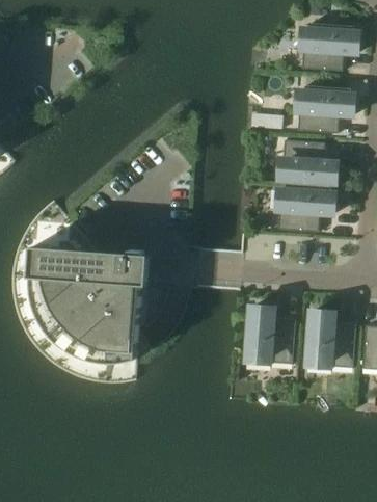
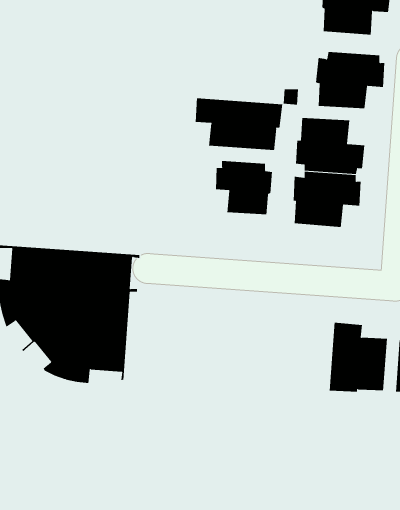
building: none -> [195,98,283,151]
building: none -> [215,160,273,215]
building: [244,306,293,364] -> none

